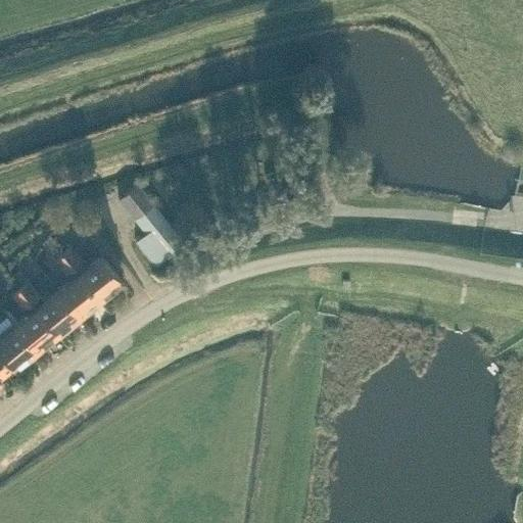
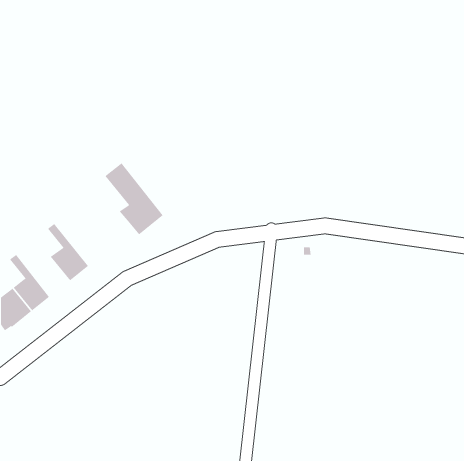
building: [61,247,122,302] -> none
building: [18,282,79,337] -> none

